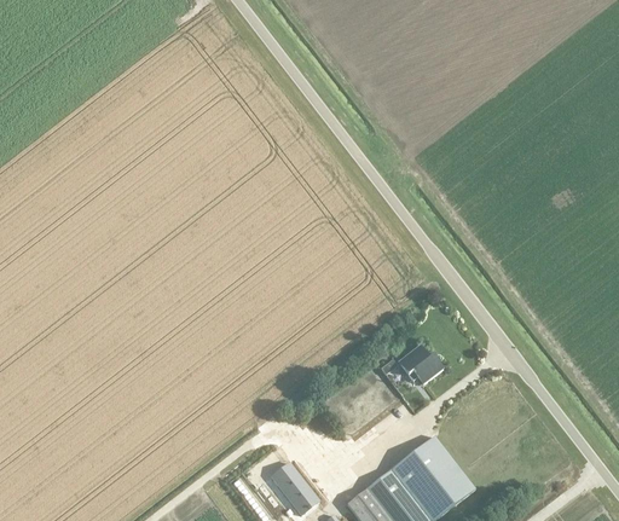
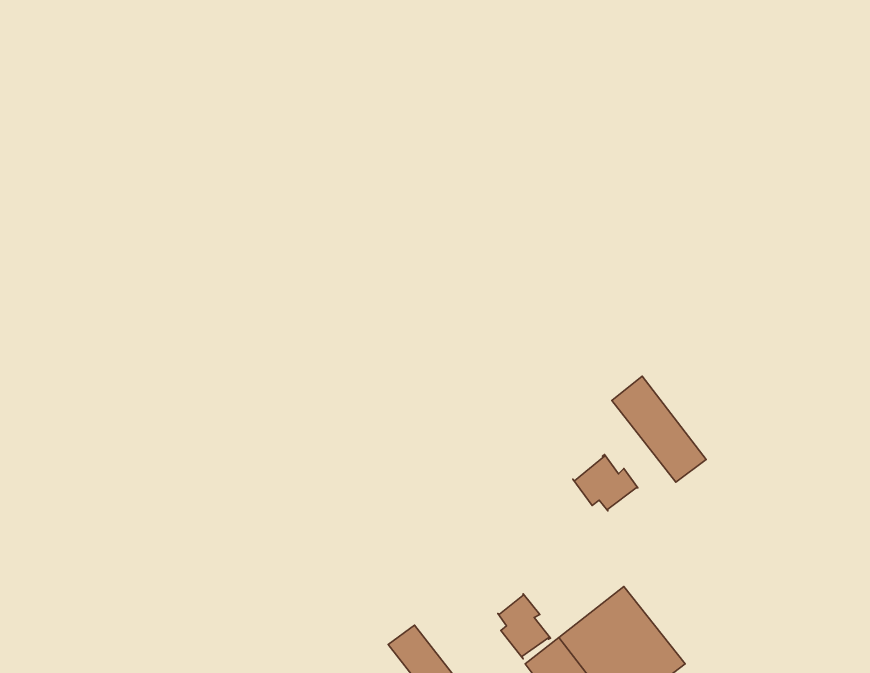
building: none -> [612,376,706,482]
building: none -> [498,594,551,659]

